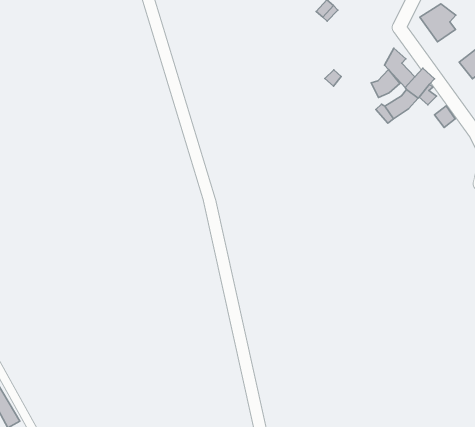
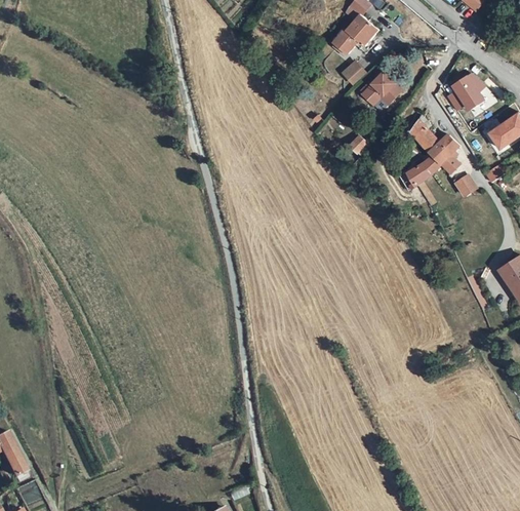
building: none -> [360,73,400,106]
building: [371,69,400,97] -> none

